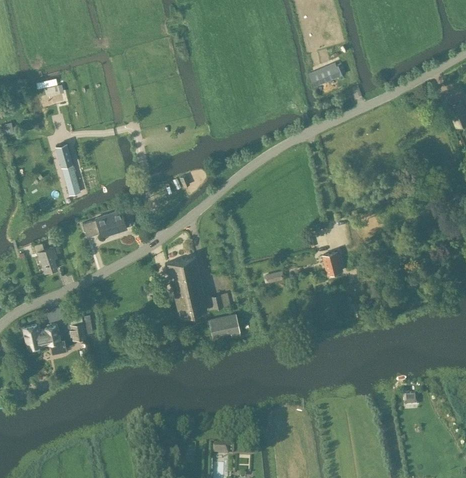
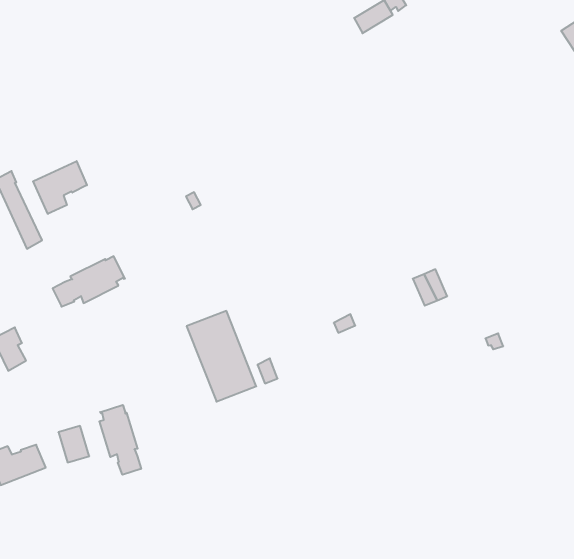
building: none -> [33,161,87,214]
building: none -> [99,405,141,475]
building: [209,314,241,338] -> none

